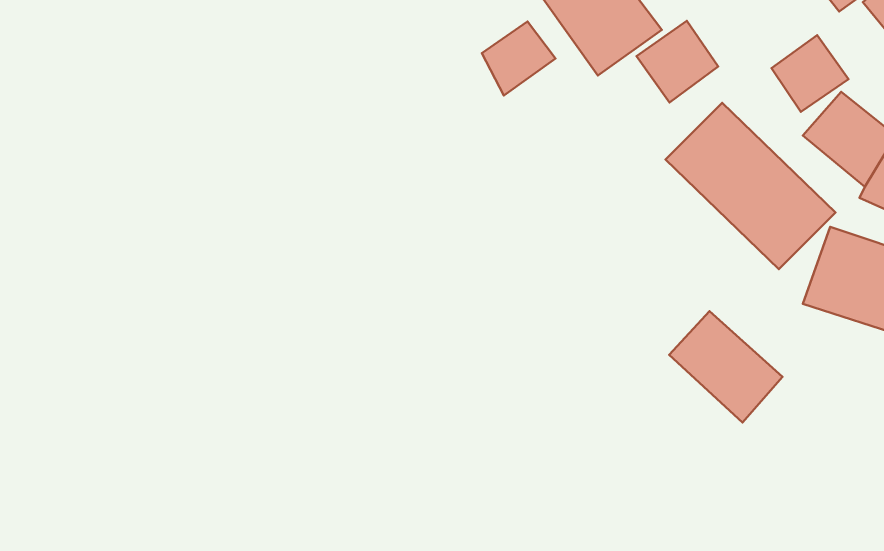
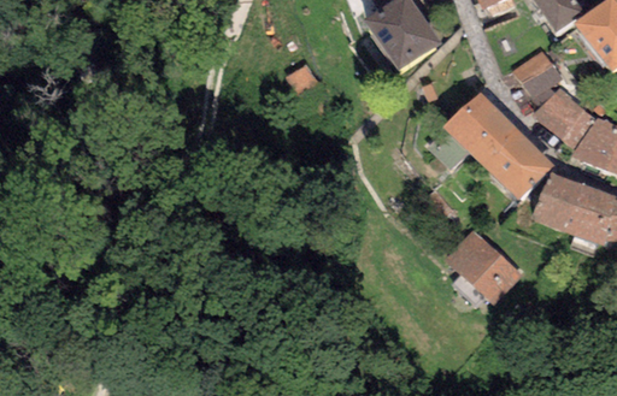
building: [637,21,718,102] -> none
building: [482,22,555,95] -> none

